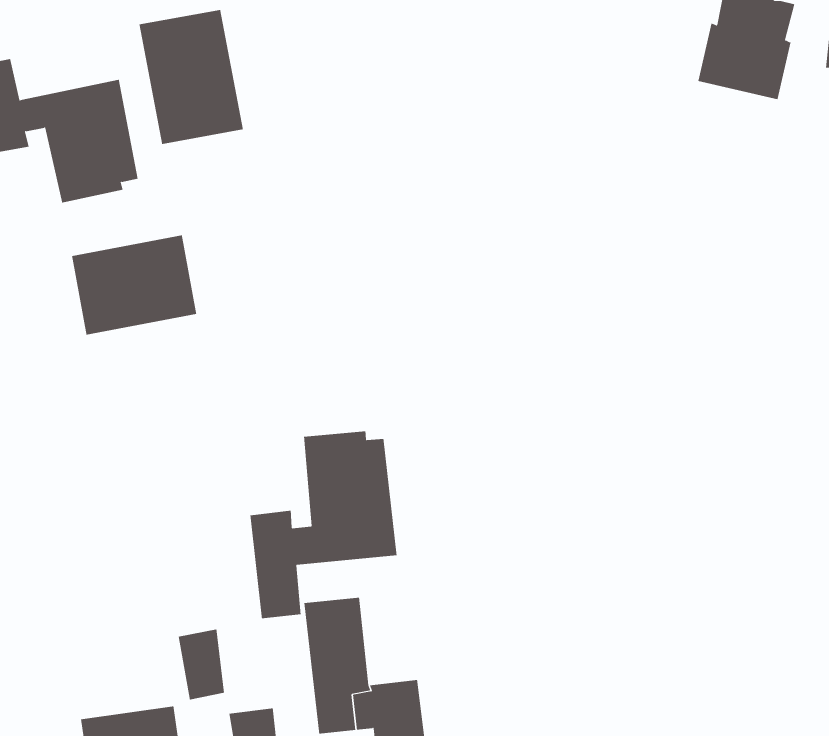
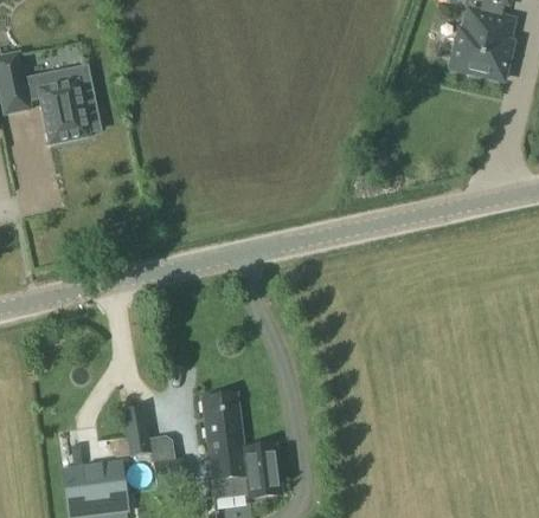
building: [139,9,244,145] -> none
building: [72,234,197,336] -> none
building: [250,430,397,619] -> none

